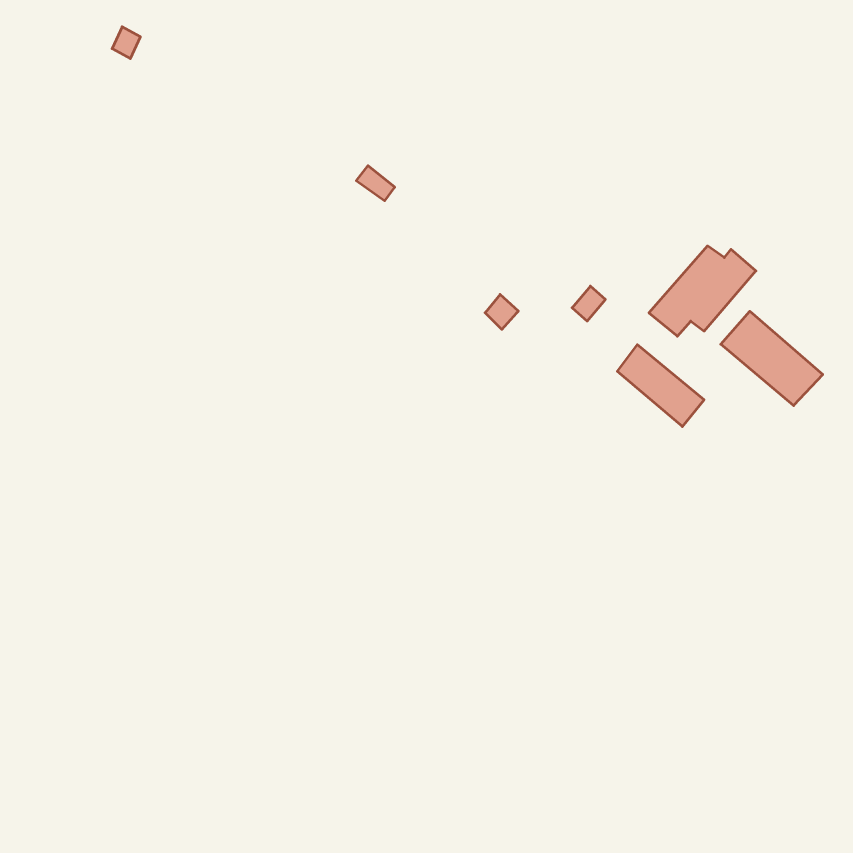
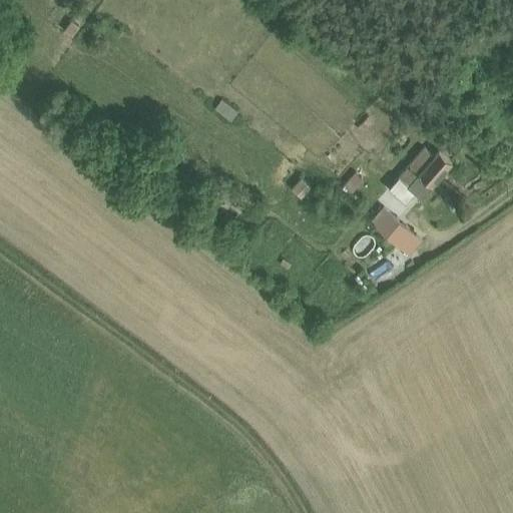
building: [721,311,823,406] -> none

